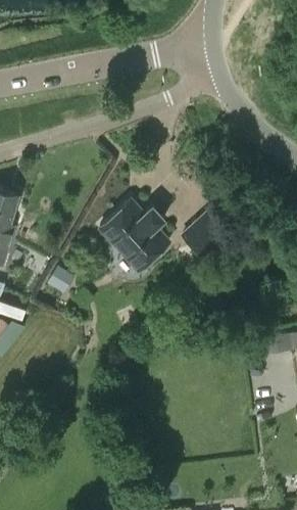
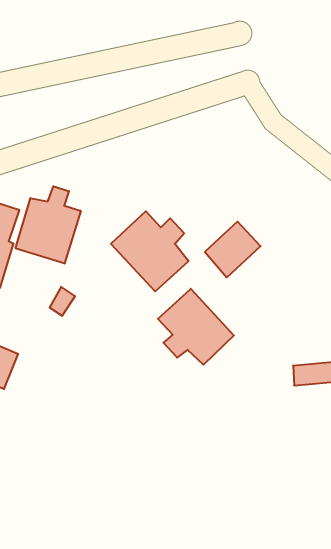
building: none -> [16,186,81,264]
building: none -> [158,289,234,365]

